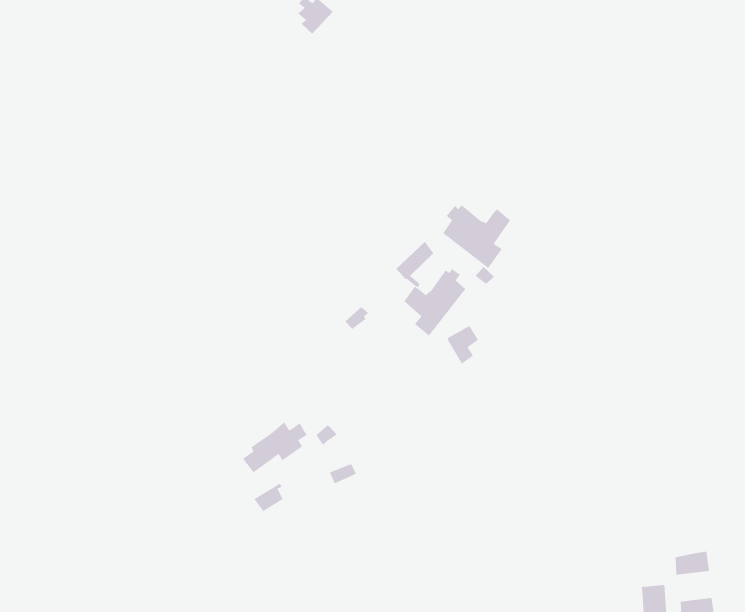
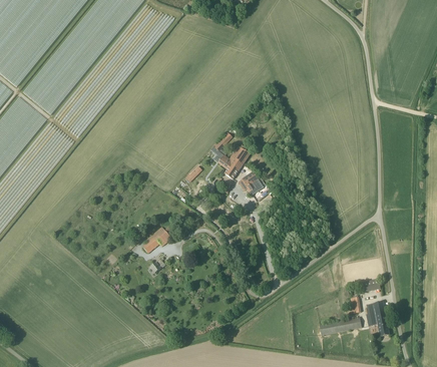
building: [442,204,511,269] -> none

